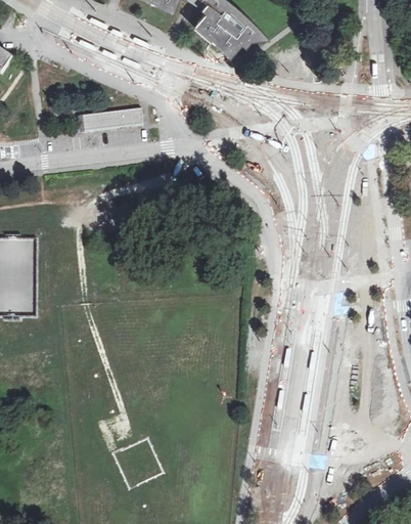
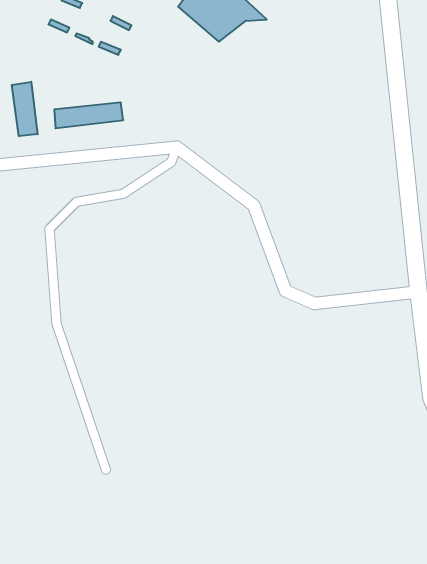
building: none -> [12,82,38,136]

